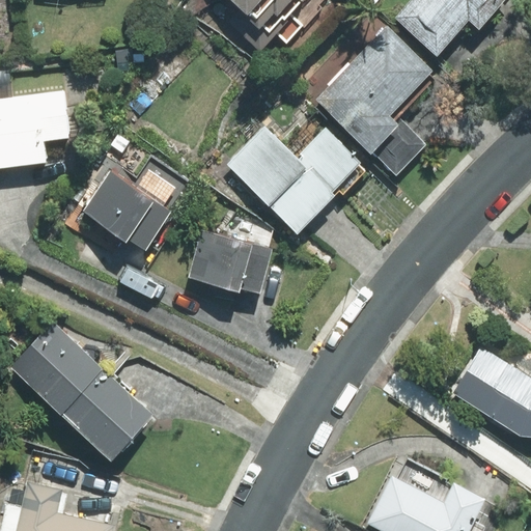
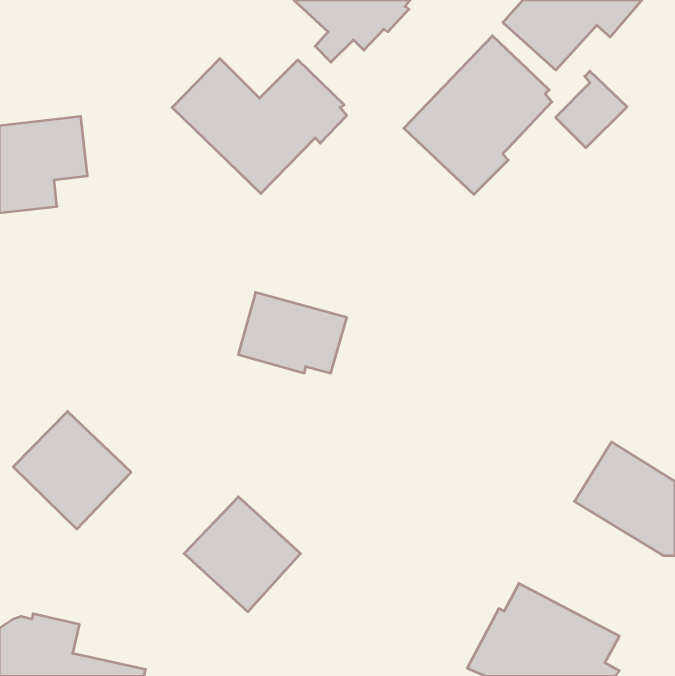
building: [371,116,427,176] -> [556,71,627,148]
building: [226,127,363,232] -> [172,59,347,193]
building: [84,157,188,248] -> none
building: [60,370,151,460] -> [184,497,301,612]

